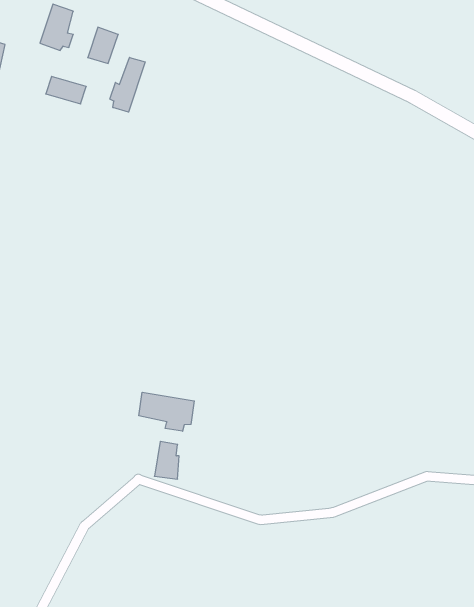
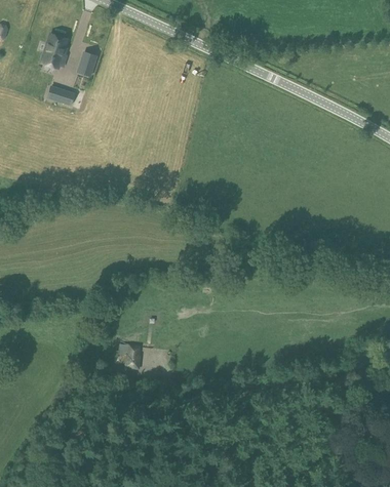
building: [110,57,145,112] -> none
building: [139,392,194,431] -> none

